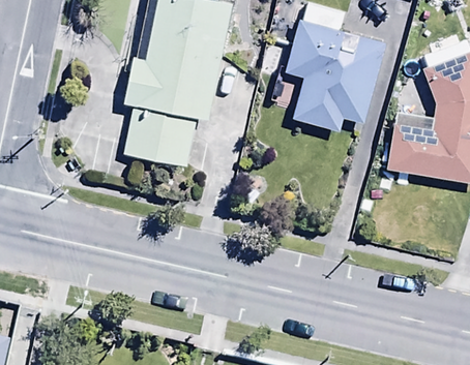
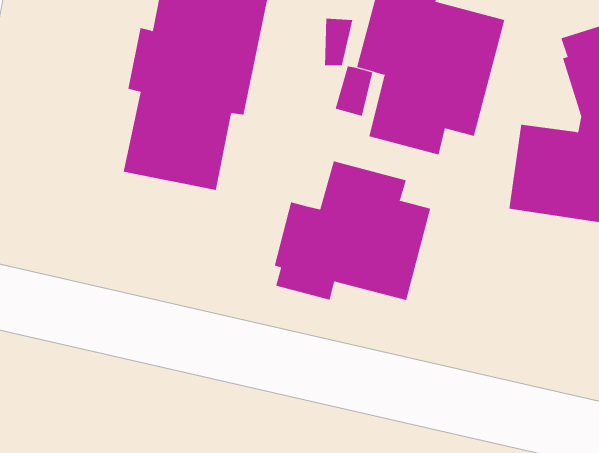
building: none -> [274,160,431,301]

